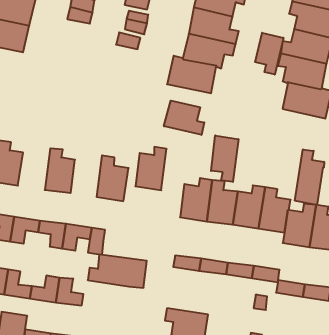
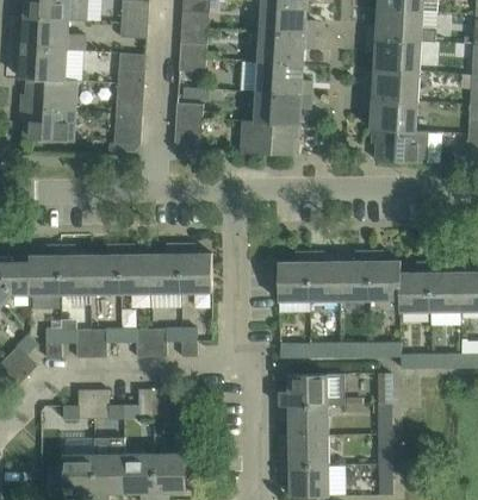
building: [255,33,283,75] -> none
building: none -> [113,114,141,146]
building: none -> [173,118,200,151]
building: [164,101,204,135] -> none
building: [211,135,238,182] -> none
building: none -> [89,246,120,294]
building: [135,147,167,190] -> [149,245,180,293]
building: [295,149,324,205] -> none
building: [88,254,147,288] -> [279,374,343,406]

